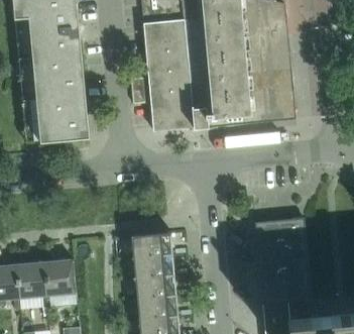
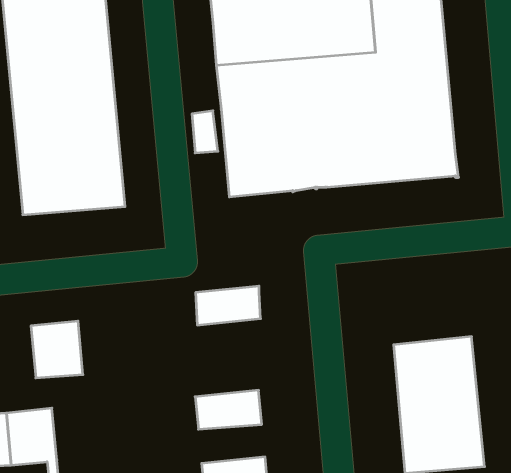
building: [132,231,172,255] -> [196,286,261,325]
building: [44,259,77,295] -> [31,321,83,378]
building: [135,272,176,297] -> none

